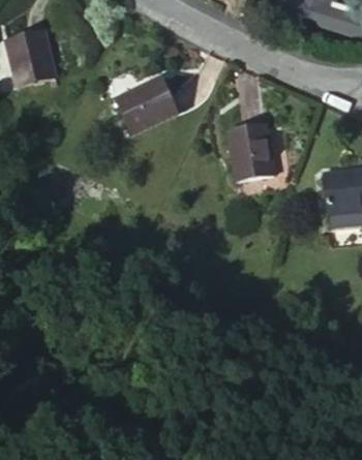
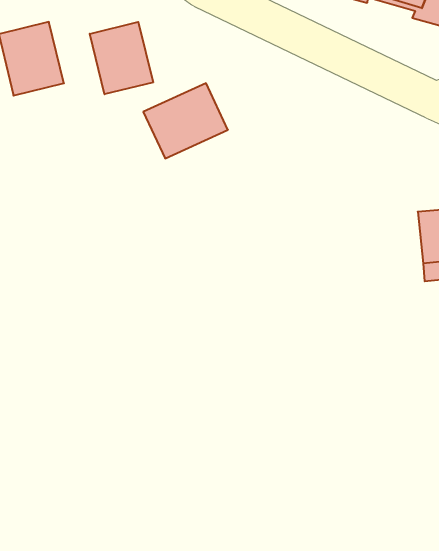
building: none -> [90,22,153,94]
building: [228,123,273,180] -> none

